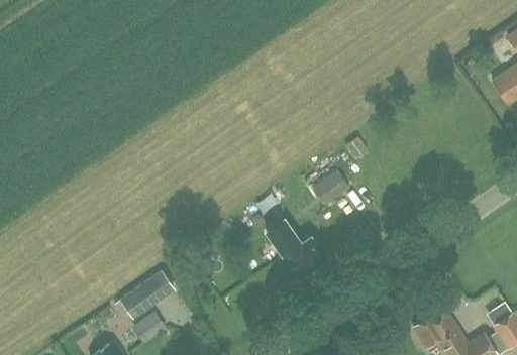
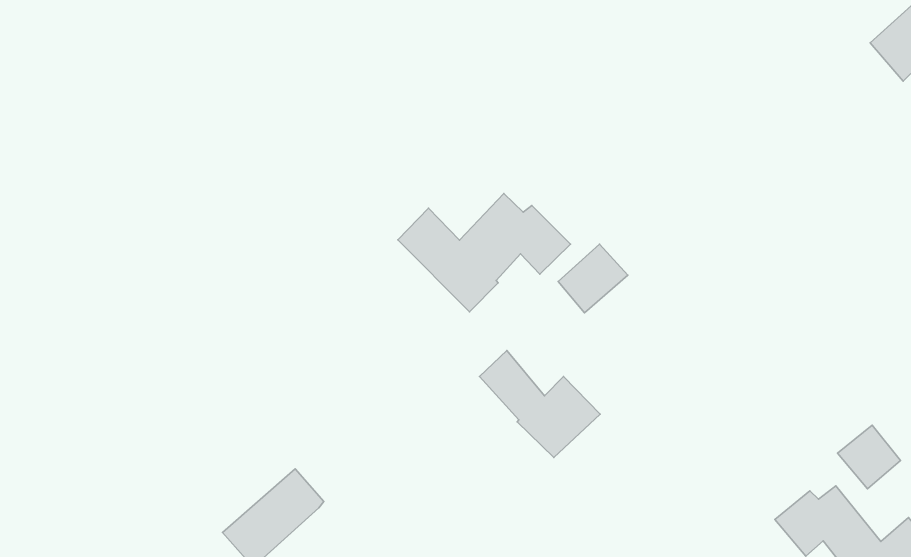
building: none -> [398,194,570,312]
building: none -> [838,425,901,489]

